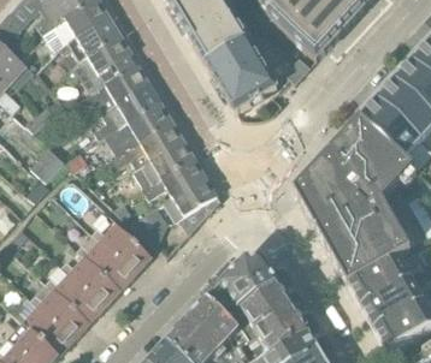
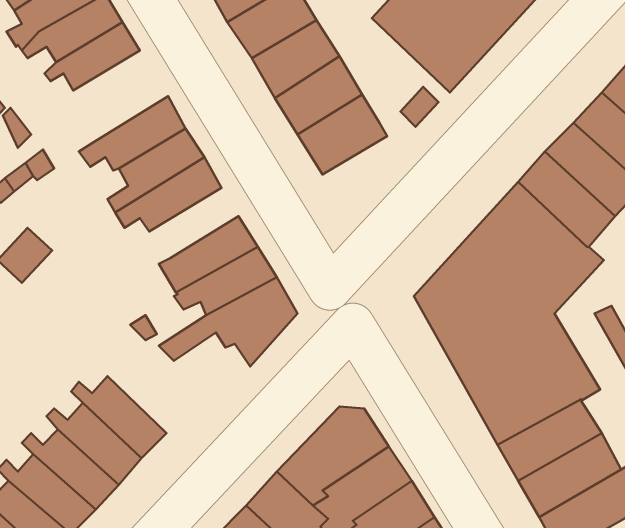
building: [66,32,138,90] -> none
building: [104,119,183,171] -> none
building: [93,224,153,274] -> none

